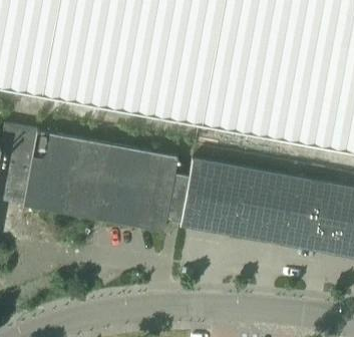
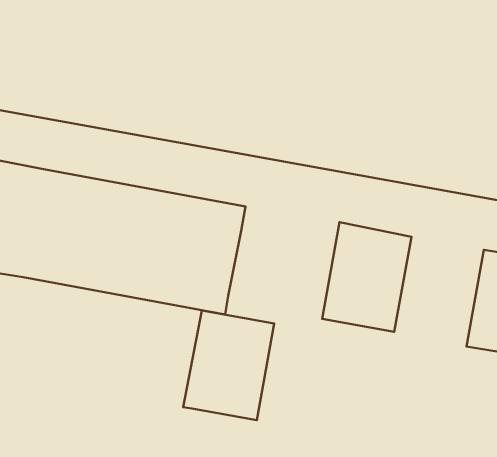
building: [181,158,244,235] -> [183,310,274,420]
building: [282,178,344,254] -> none

